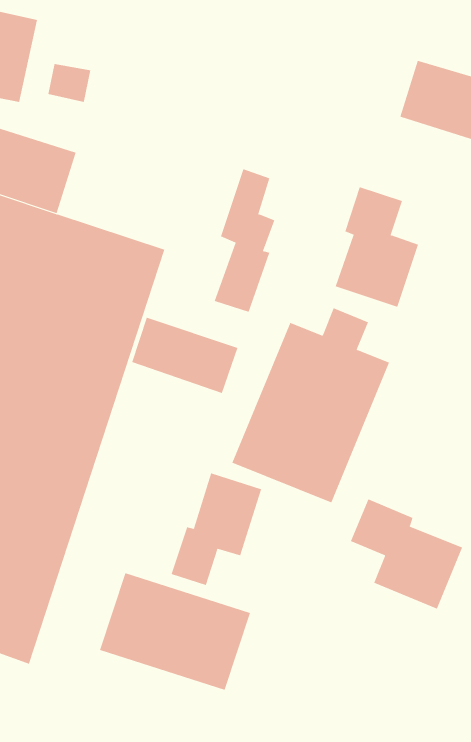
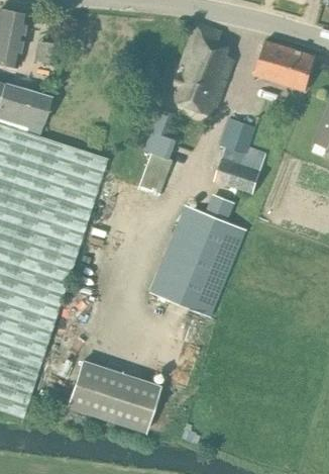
building: none -> [168,21,234,114]
building: [132,317,238,394] -> none
building: [171,473,262,586] -> none
building: [350,498,463,609] -> none

